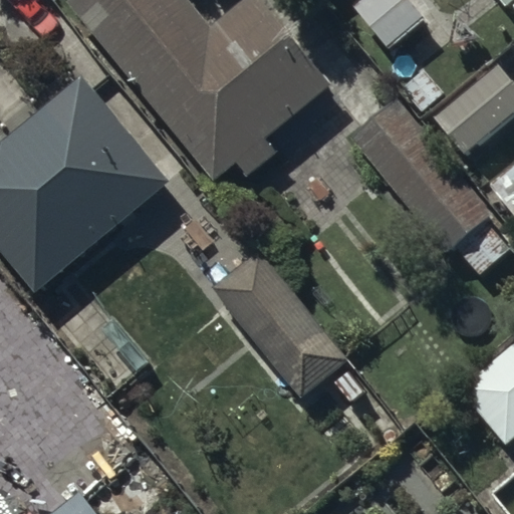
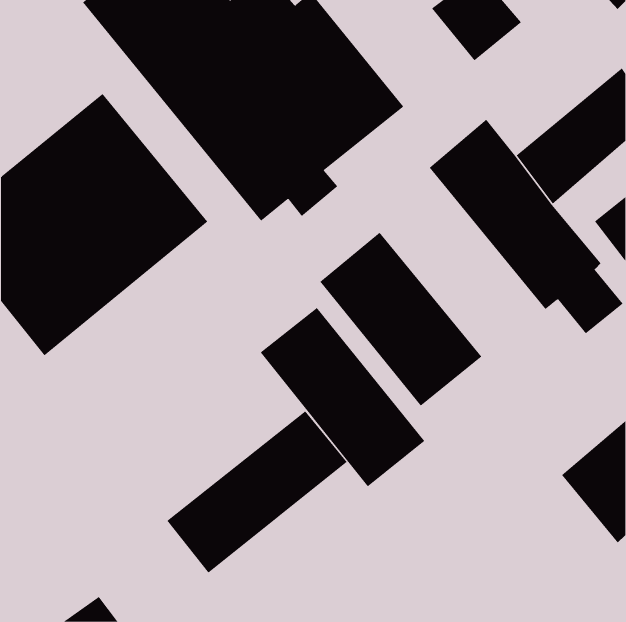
building: none -> [320,232,482,407]
building: none -> [166,410,347,574]

